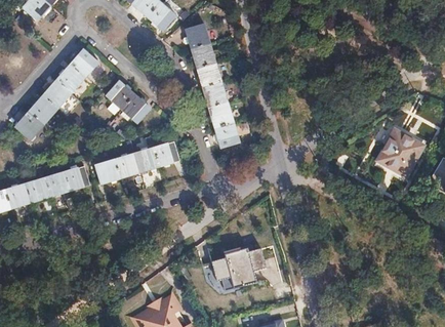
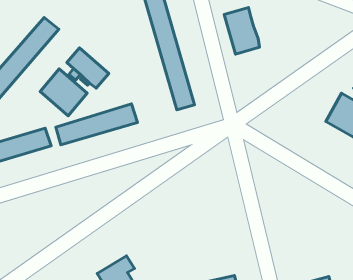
building: none -> [224,8,260,54]
building: none -> [40,69,87,116]
building: [210,246,266,286] -> none

